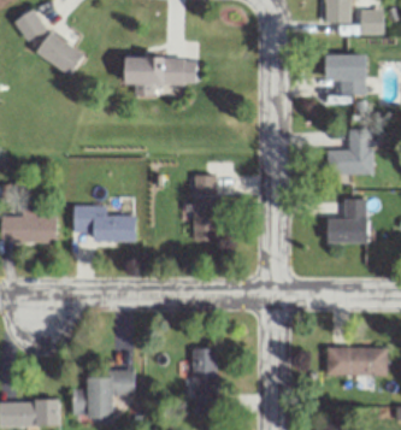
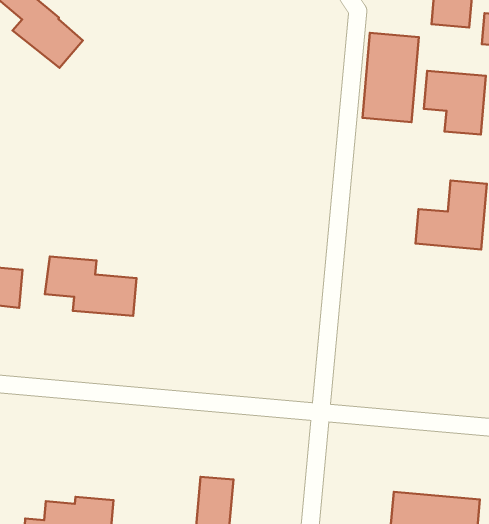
building: none -> [362,33,419,122]
building: [125,57,182,95] -> none
building: [191,176,217,241] -> none
building: [326,199,367,243] -> none

